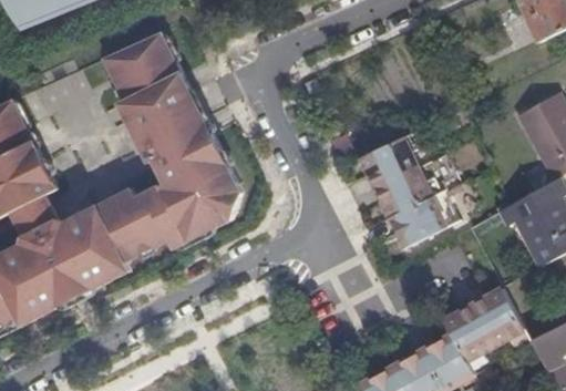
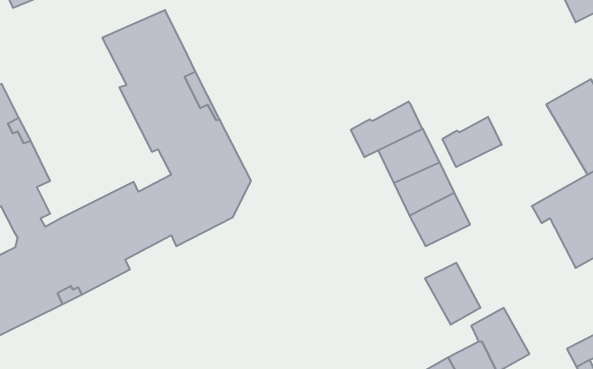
building: none -> [351,101,422,157]
building: none -> [443,117,502,167]
building: [474,288,525,344] -> [425,263,481,325]

